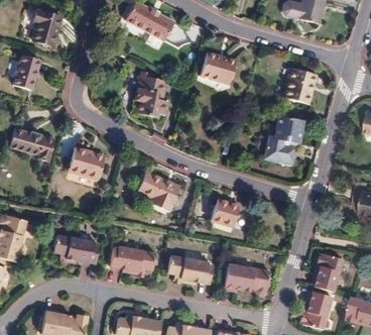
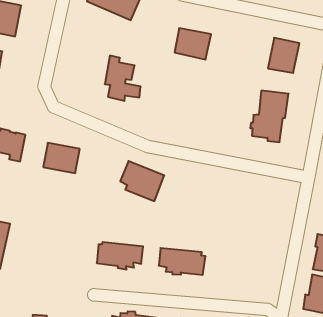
building: [212,201,239,226] -> none
building: [53,233,98,261] -> none
building: [224,264,270,297] -> none

